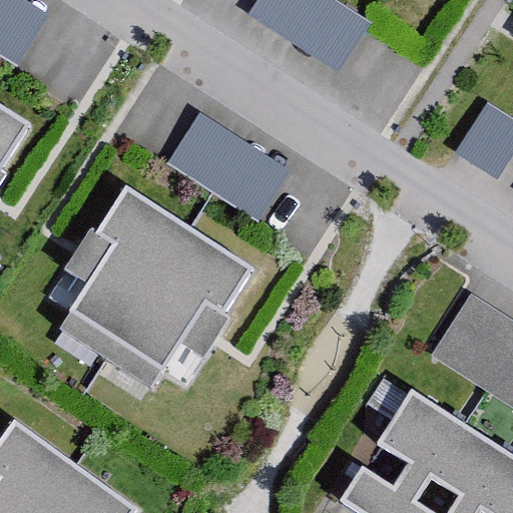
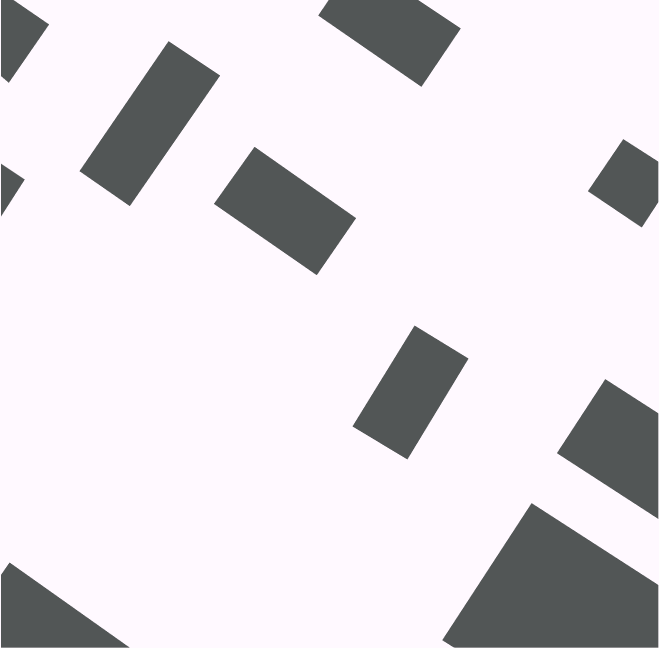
building: none -> [78,40,221,207]
building: [63,204,249,389] -> none
building: none -> [352,324,470,460]

